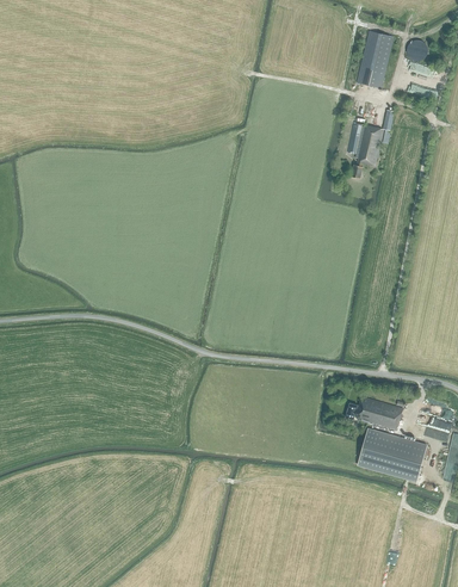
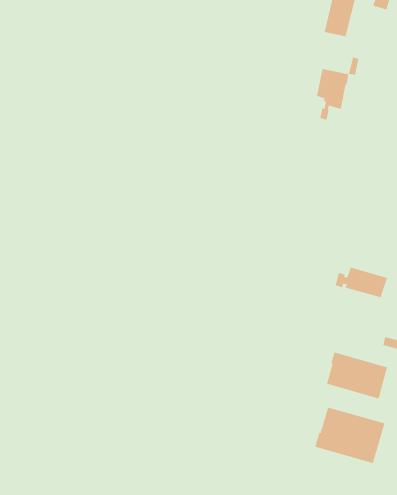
building: [346,396,403,430] -> [335,267,388,298]
building: none -> [315,407,385,464]

